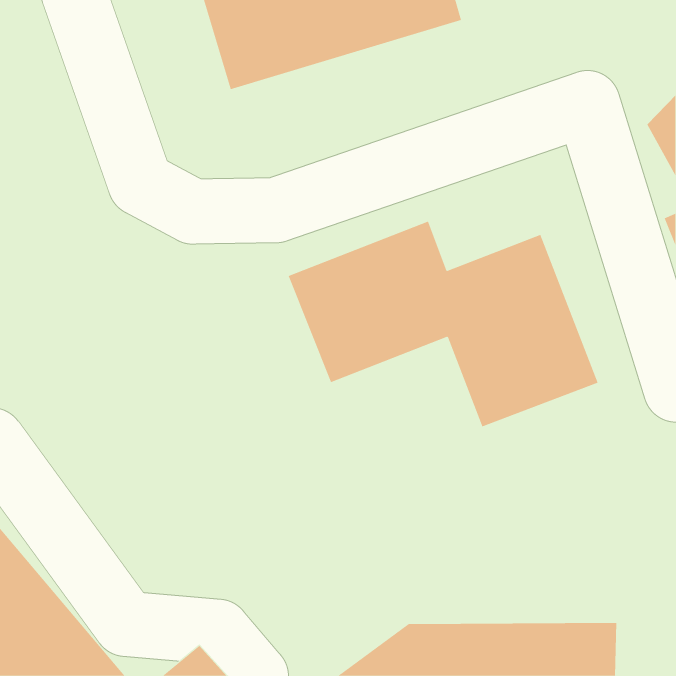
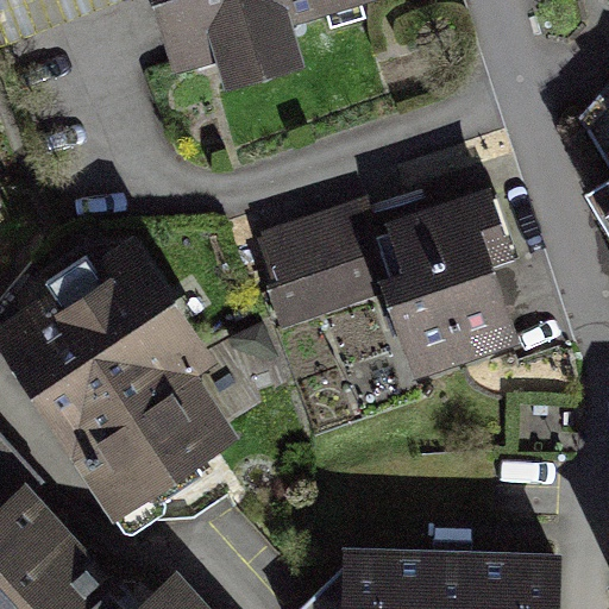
building: none -> [18,244,224,498]

